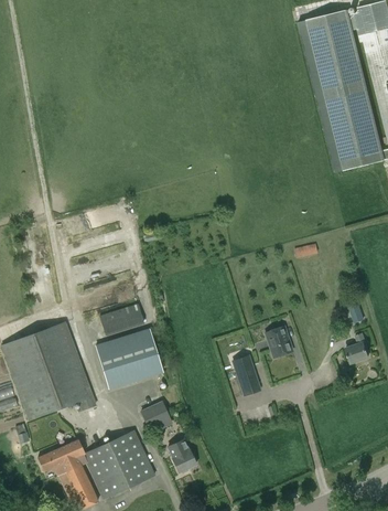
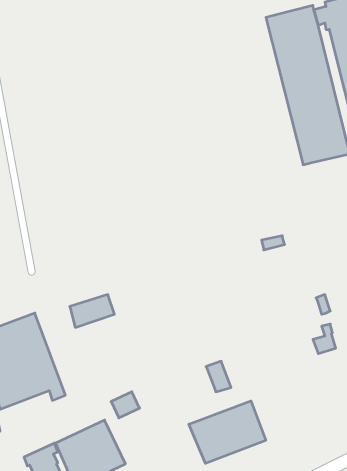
building: [266,326,293,356] -> none
building: [93,330,161,390] -> none
building: none -> [189,401,266,463]
building: [169,438,197,472] -> none
building: [39,439,85,471] -> none

